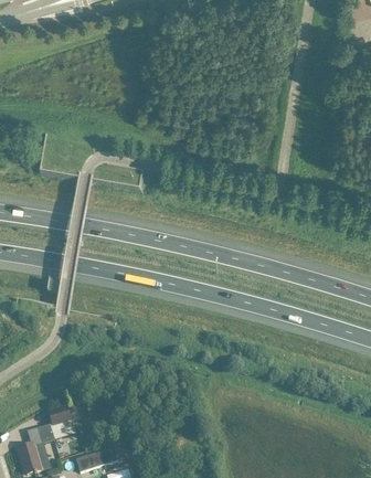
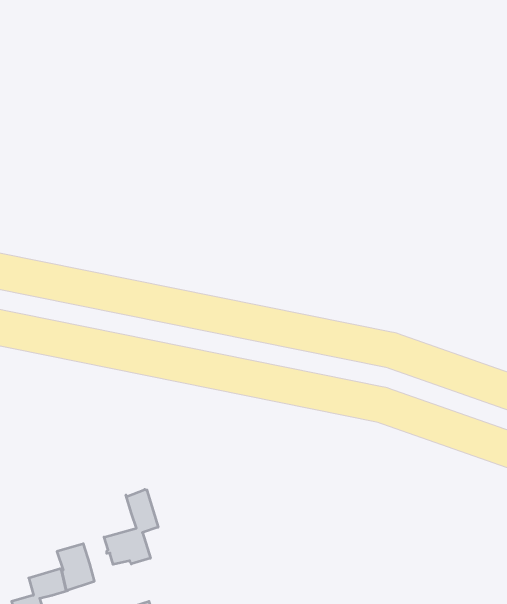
building: none -> [104,489,158,564]

